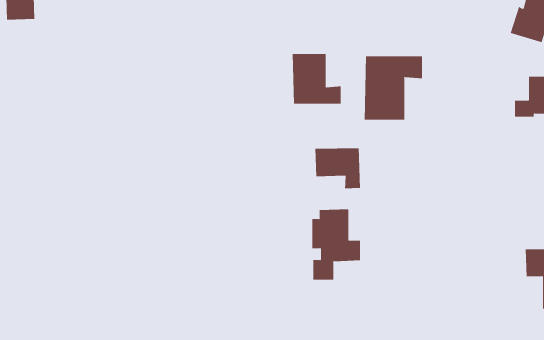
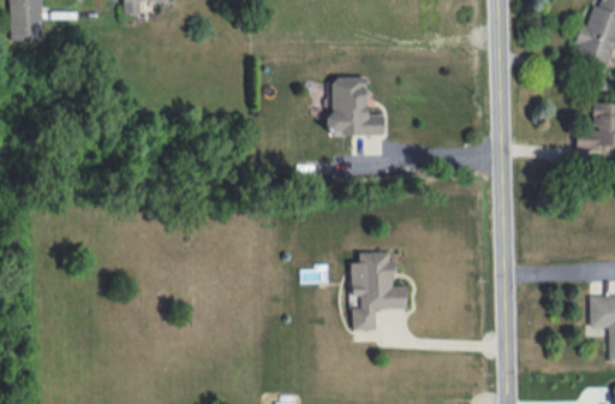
building: [364,56,422,121] -> none
building: [315,148,361,189] -> none

